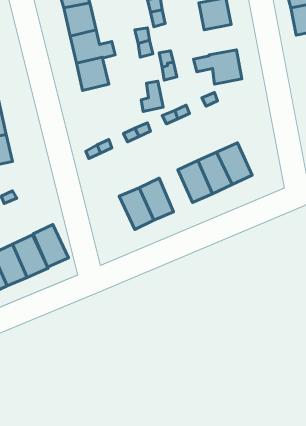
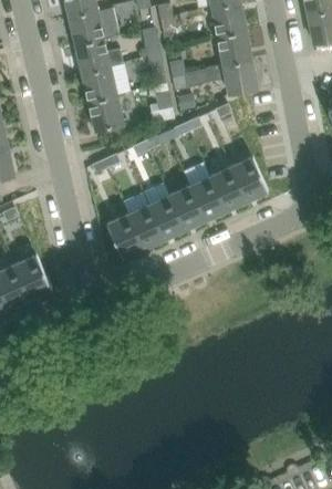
building: none -> [217,31,251,63]
building: none -> [89,94,123,128]
building: none -> [169,185,205,229]
building: [33,224,69,267] -> [106,212,144,258]

